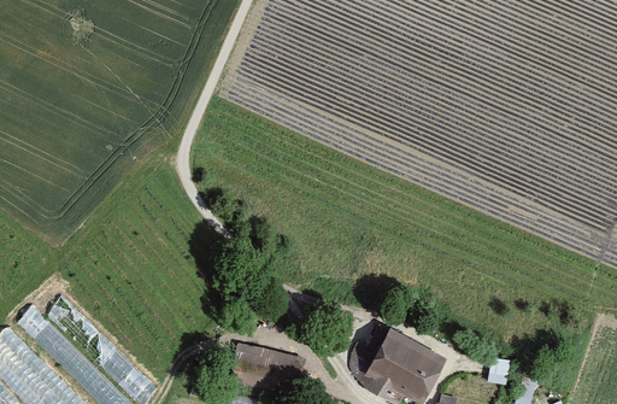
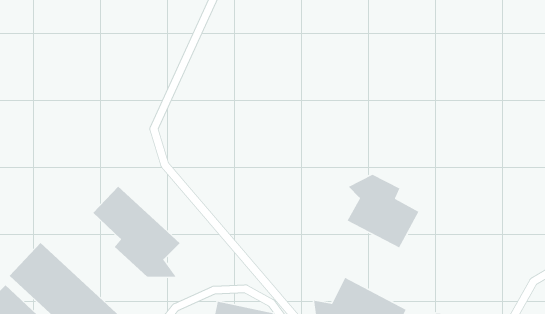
building: none -> [347,174,419,248]
building: none -> [92,186,180,277]

